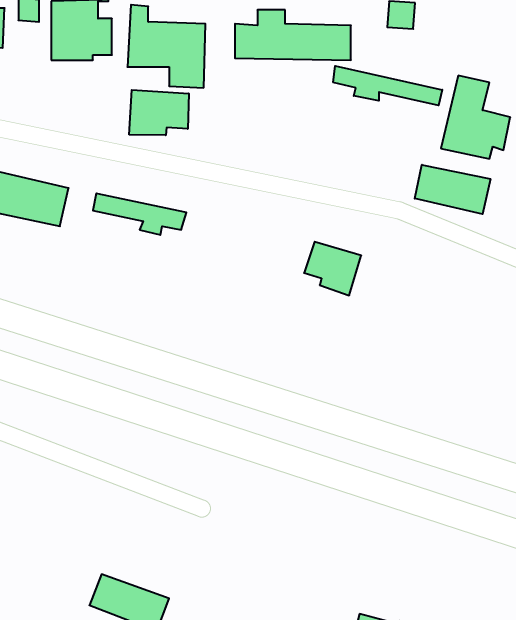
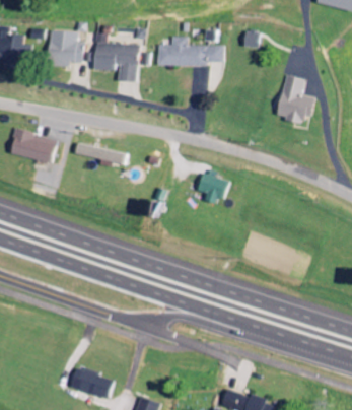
building: [333,66,442,105] -> none
building: [129,90,189,135] -> none
building: [415,165,490,214] -> none

